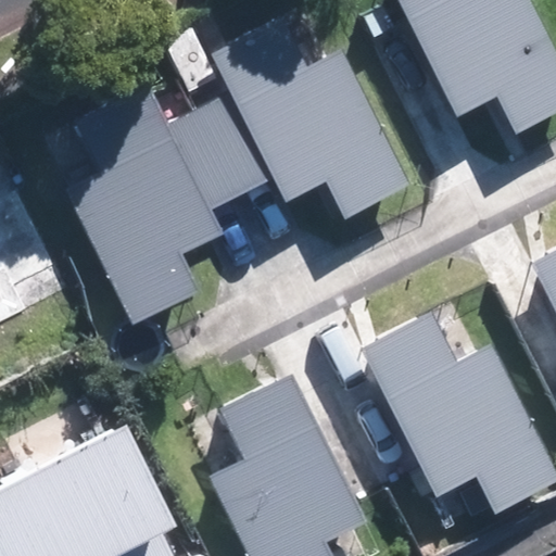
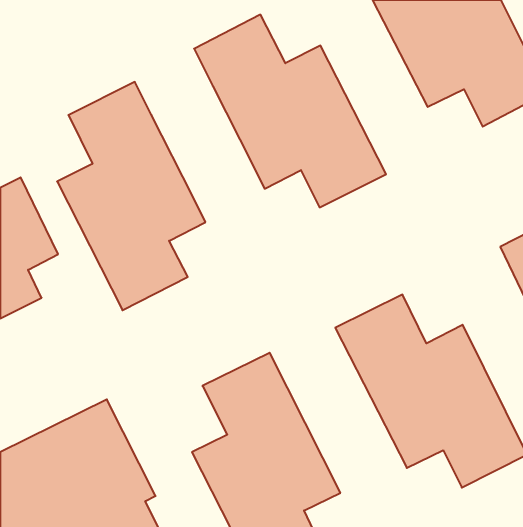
building: [166,93,273,210] -> none

